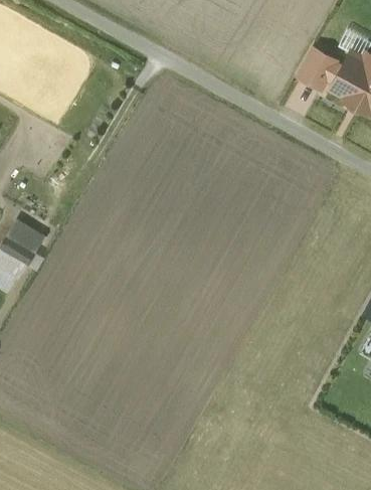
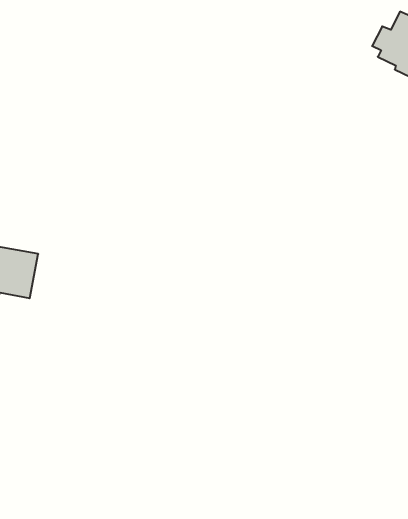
building: [297,48,335,89] -> none

